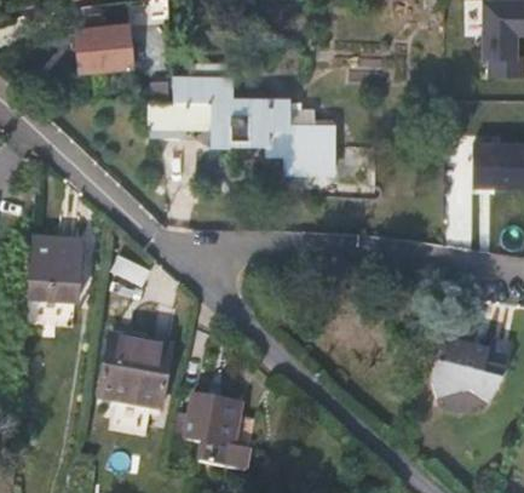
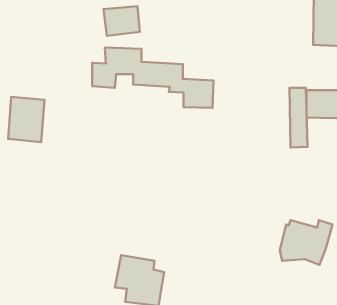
building: [75,24,129,69] -> [103,6,140,36]
building: [25,236,80,304] -> [8,97,45,142]
building: [100,337,171,406] -> none

